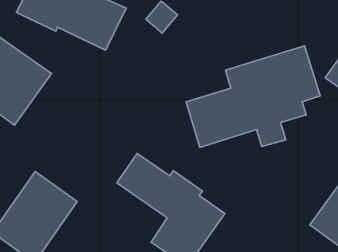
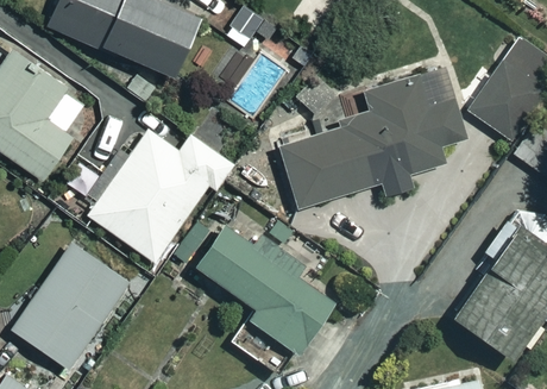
building: none -> [89,130,235,263]

